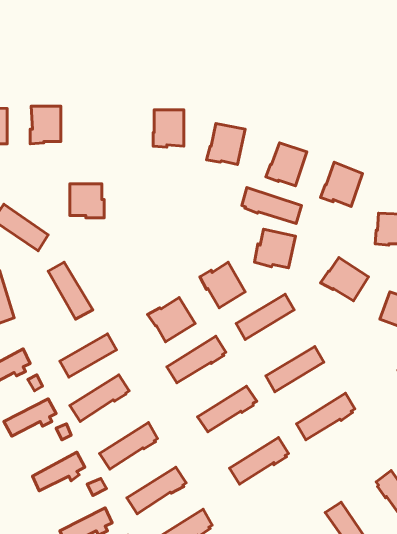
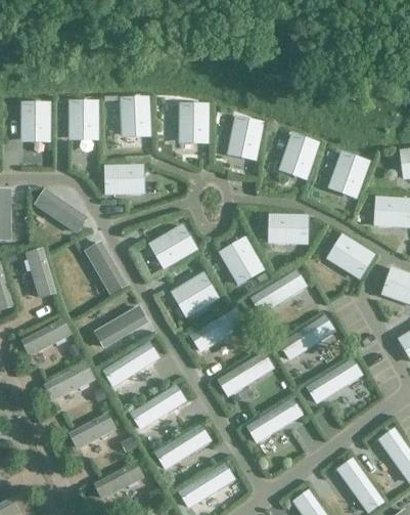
building: none -> [121,97,148,132]
building: [242,187,302,224] -> none
building: none -> [152,225,195,264]

